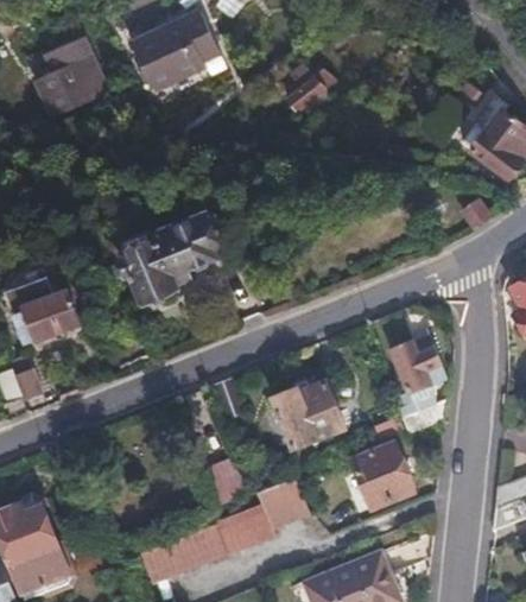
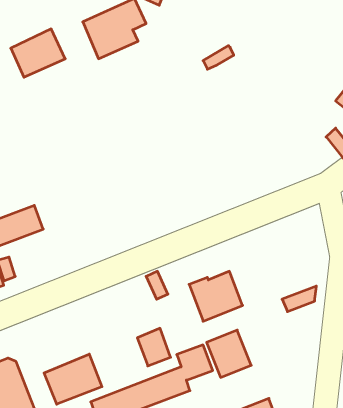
building: [123,214,227,298] -> none
building: [389,338,444,389] -> none
building: [351,443,412,507] -> [207,330,251,377]
building: none -> [44,354,102,404]

